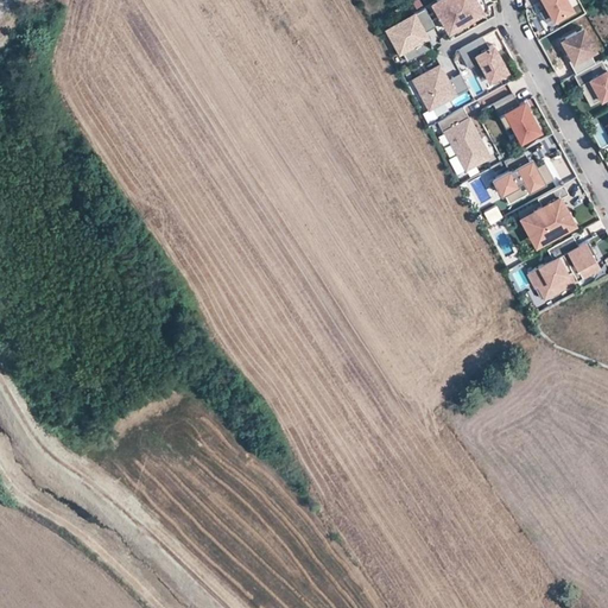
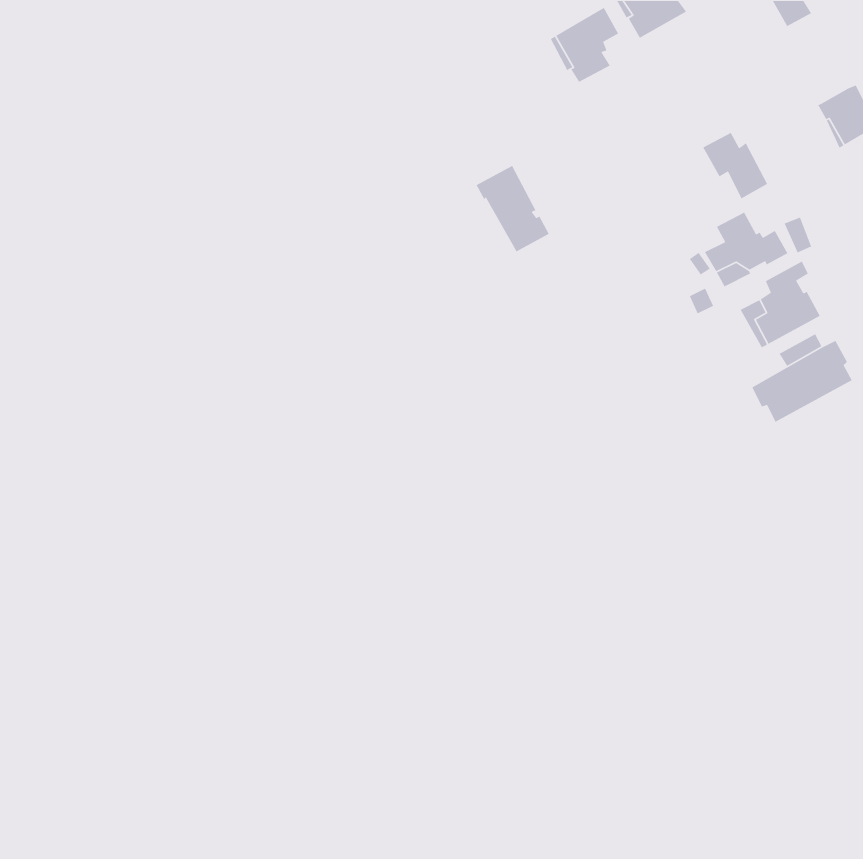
building: [563,31,596,76] -> none
building: [460,39,508,82] -> none
building: [413,66,469,109] -> none
building: [438,109,490,171] -> [475,165,550,253]

